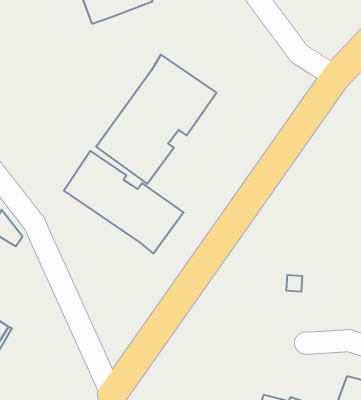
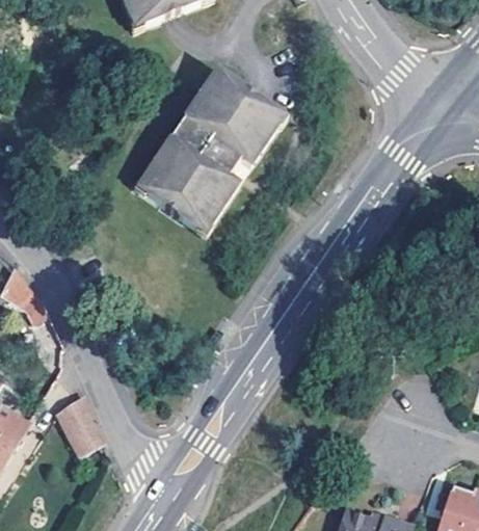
building: [64,151,184,253] -> none
building: none -> [54,397,102,460]

